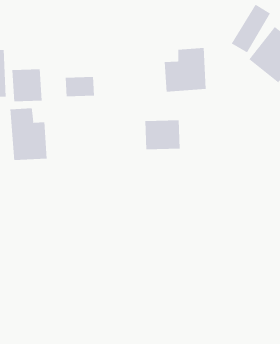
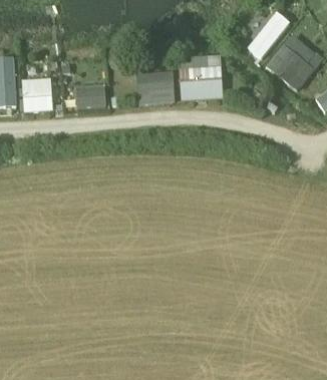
building: [10,108,47,161] -> none
building: [145,120,181,150] -> [135,71,173,102]

